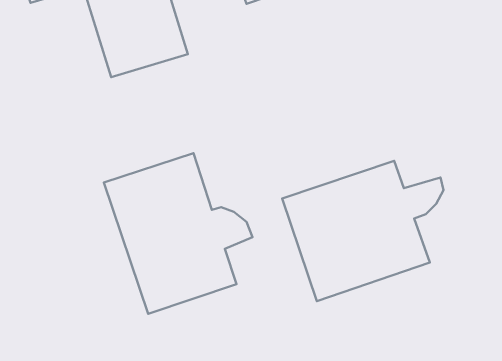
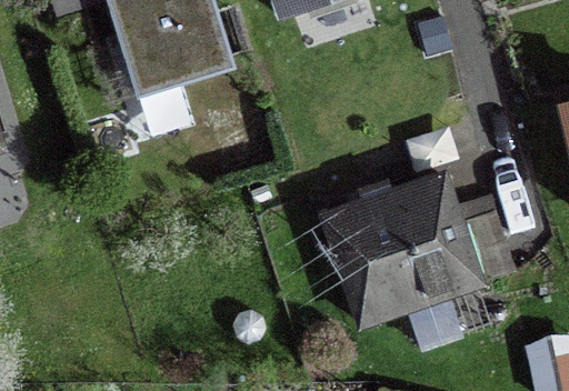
building: [104,153,253,314] -> none

